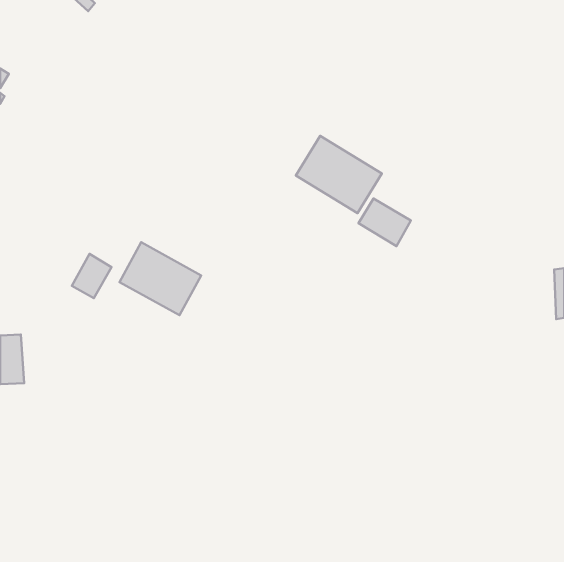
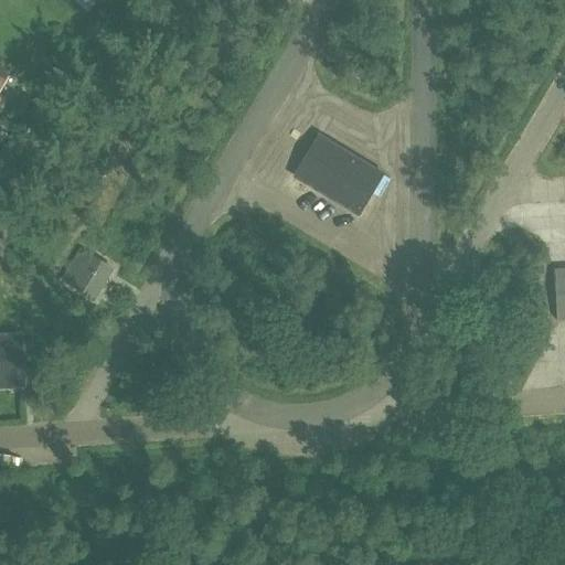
building: [358,198,411,246] -> none
building: [120,242,201,315] -> none

